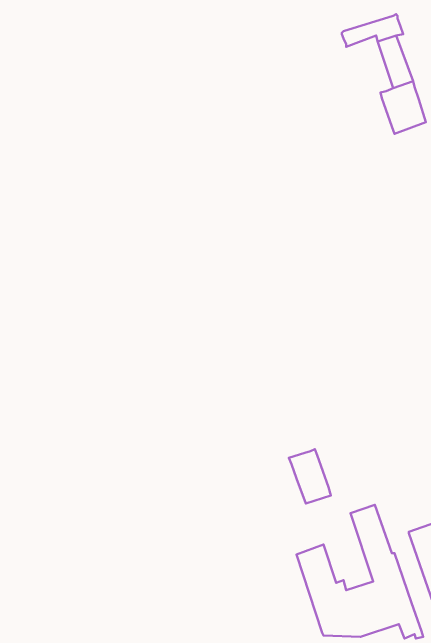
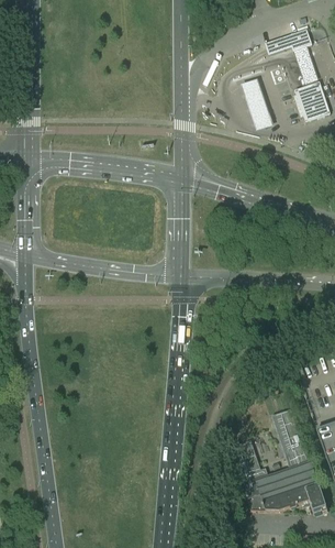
building: none -> [241,79,272,132]
building: [289,449,331,504] -> none

